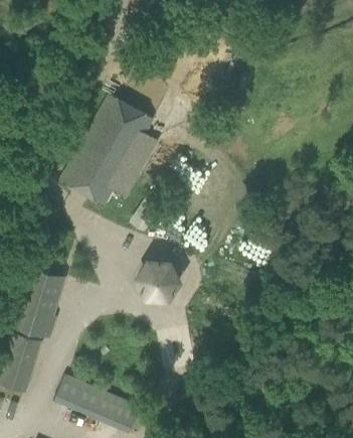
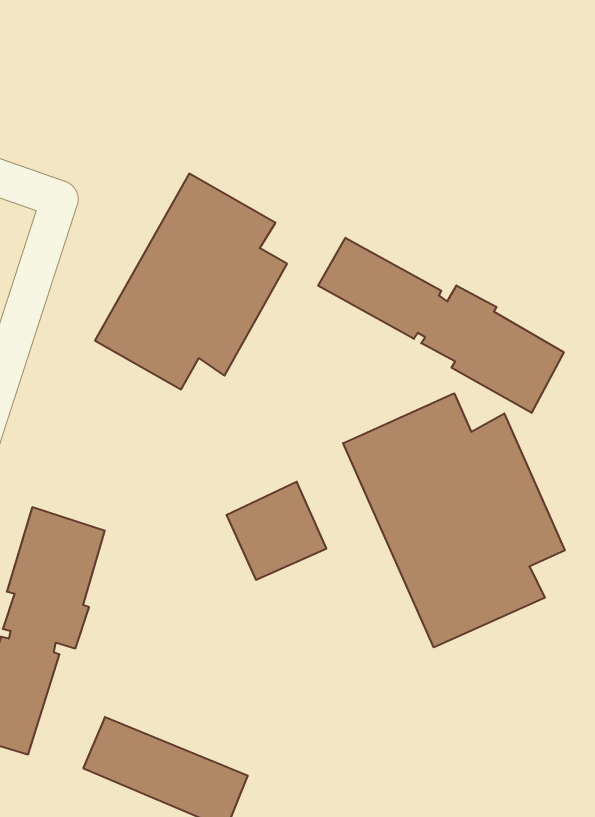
building: none -> [318,238,564,413]
building: none -> [343,393,565,647]

